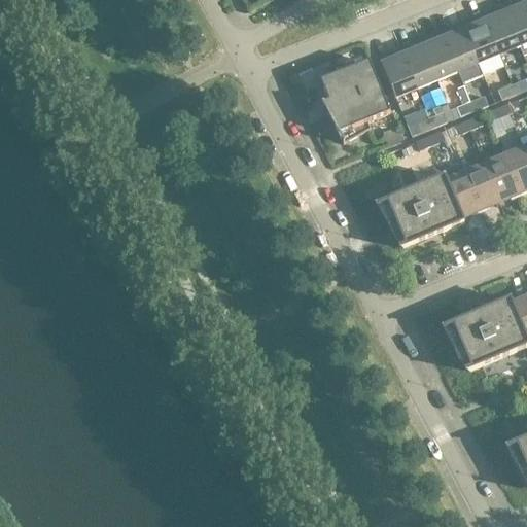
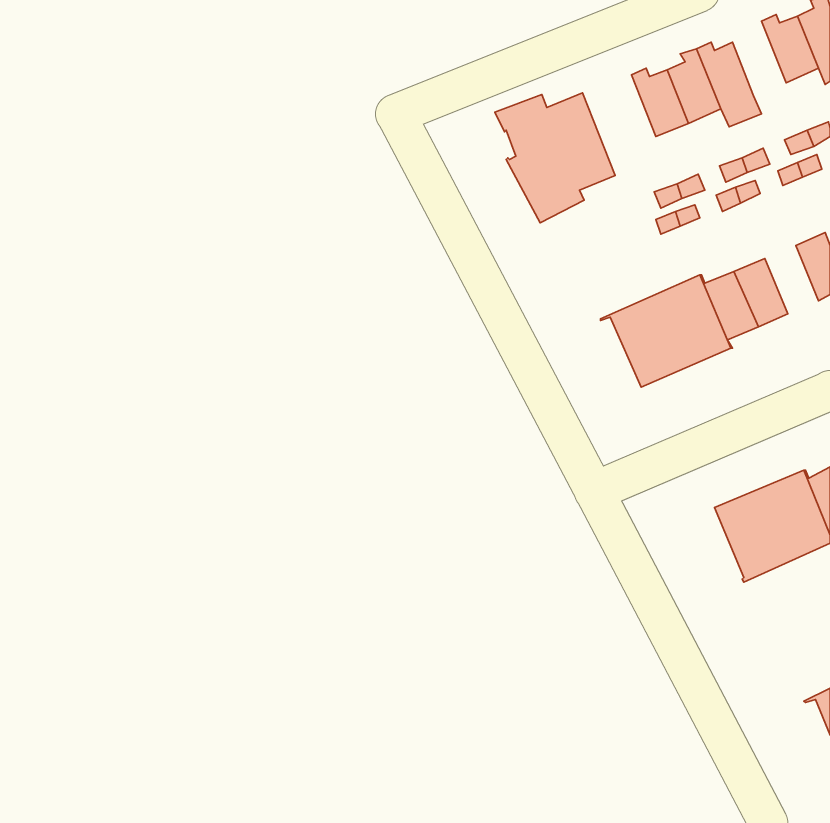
building: [463,13,497,61] -> none
building: [380,47,415,95] -> none
building: [484,155,518,199] -> none

